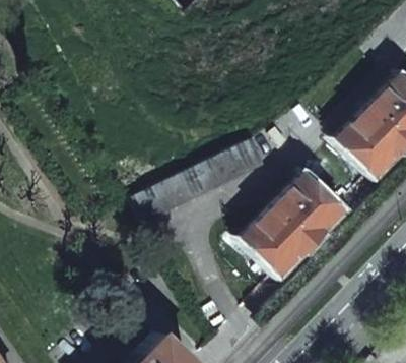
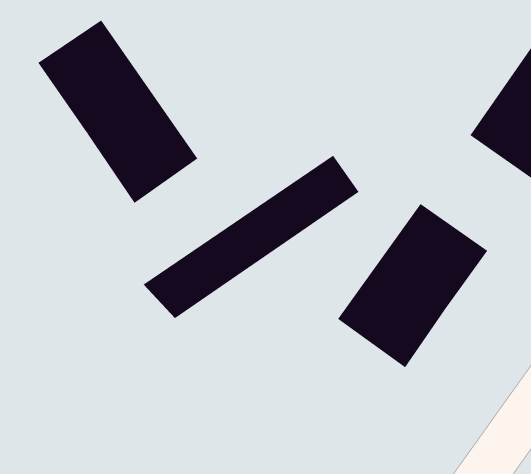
building: none -> [38,19,198,204]

